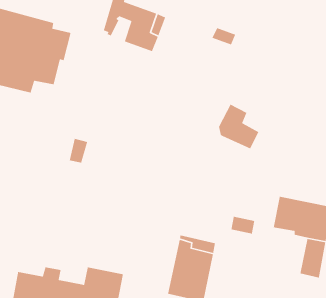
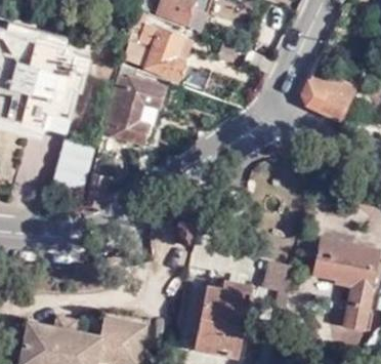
building: none -> [103,65,164,143]
building: [218,103,260,149] -> [304,69,350,120]
building: none -> [53,138,92,189]

